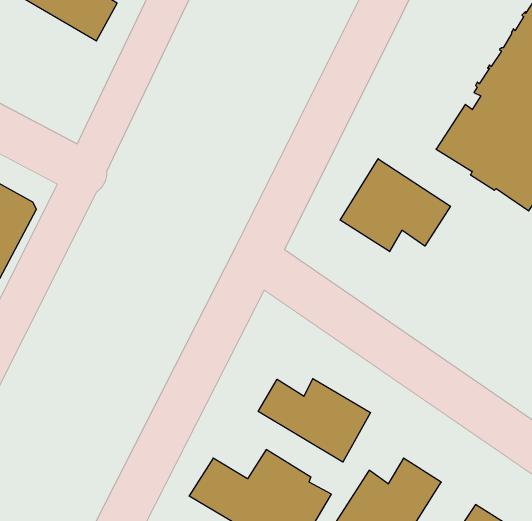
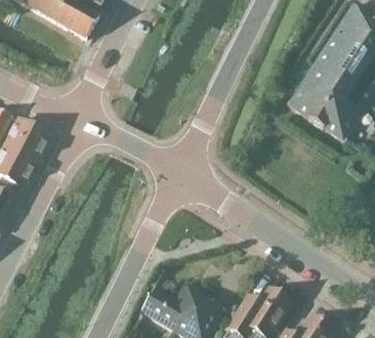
building: [340,159,450,252] -> none
building: [258,379,371,462] -> none

